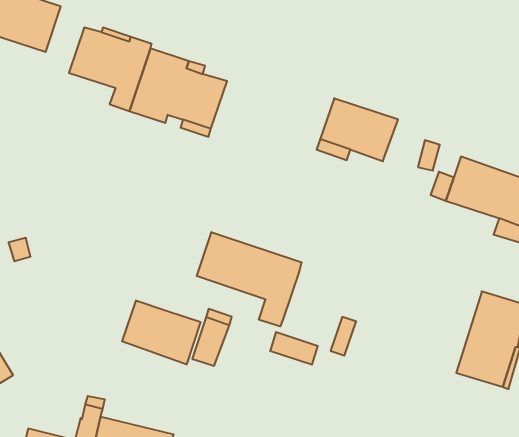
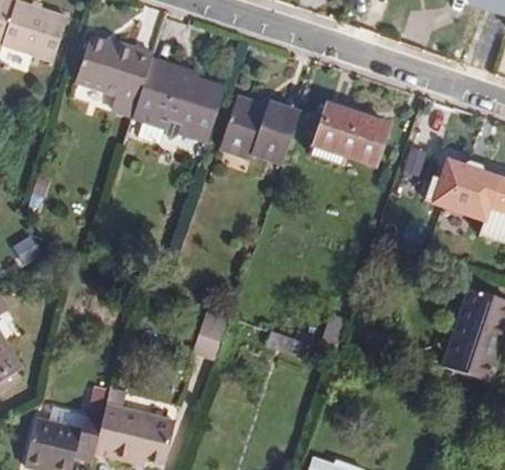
building: none -> [220,96,299,163]
building: [197,232,302,326] -> none
building: [122,300,200,364] -> none

